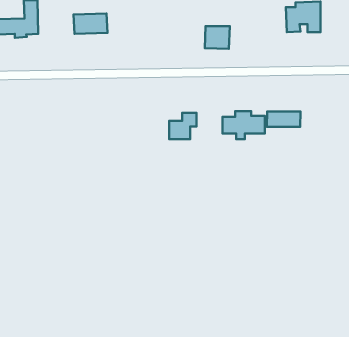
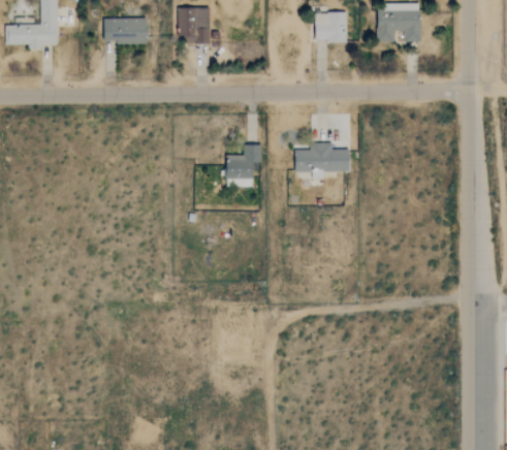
building: none -> [178,7,210,44]
building: [205,26,230,49] -> [315,12,347,41]
building: [267,111,301,127] -> none

